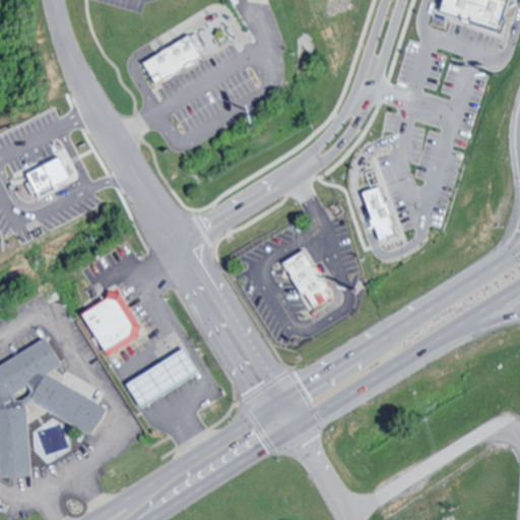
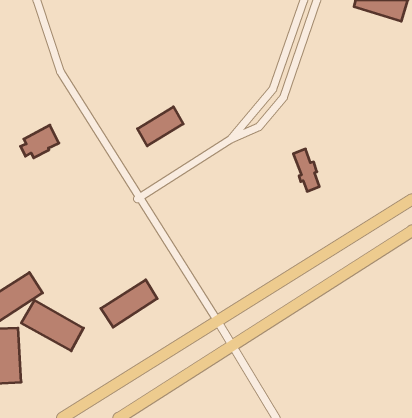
building: [146,34,203,82] -> [137,107,183,146]
building: [280,250,328,308] -> none
building: [79,288,137,354] -> none

